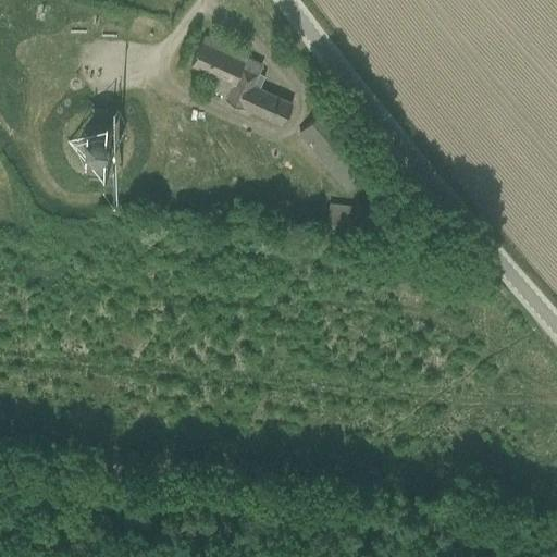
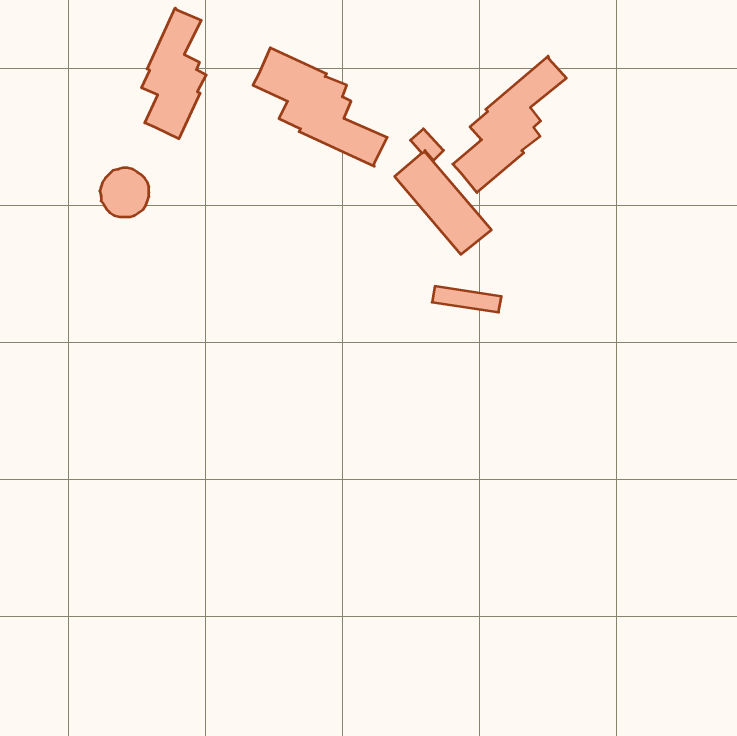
building: none -> [142,8,206,139]
building: none -> [453,56,566,193]

